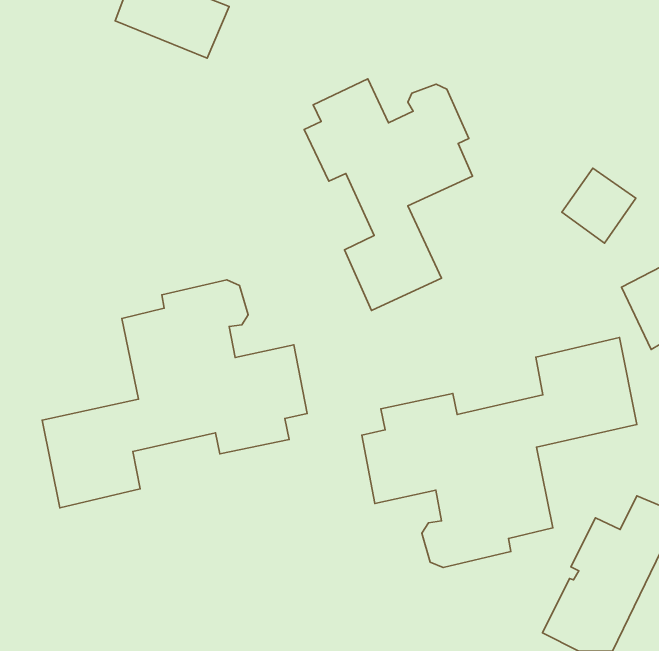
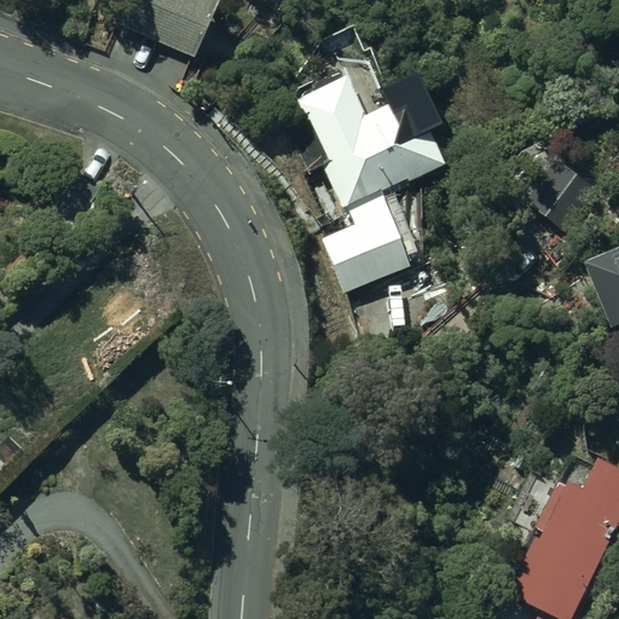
building: [42,280,307,508] -> none
building: [362,337,637,568] -> none

